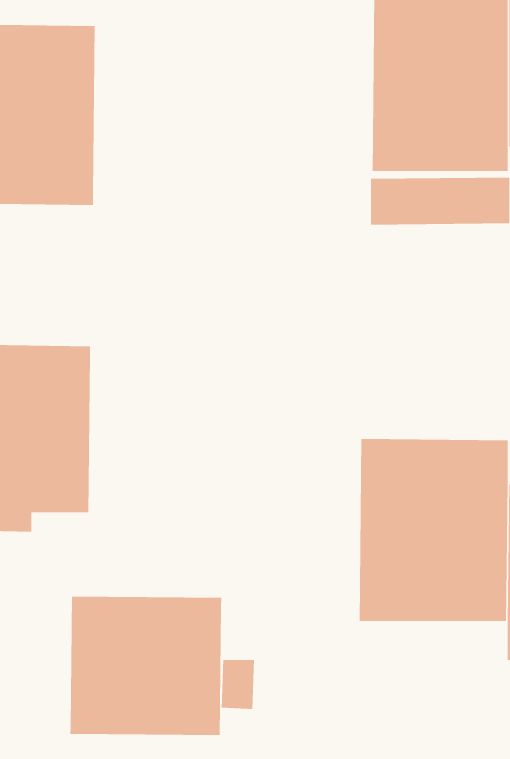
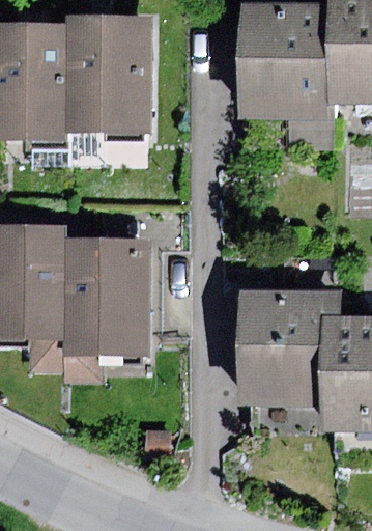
building: none -> [69,16,153,133]
building: none -> [66,235,154,354]
building: [70,596,222,736] -> none

